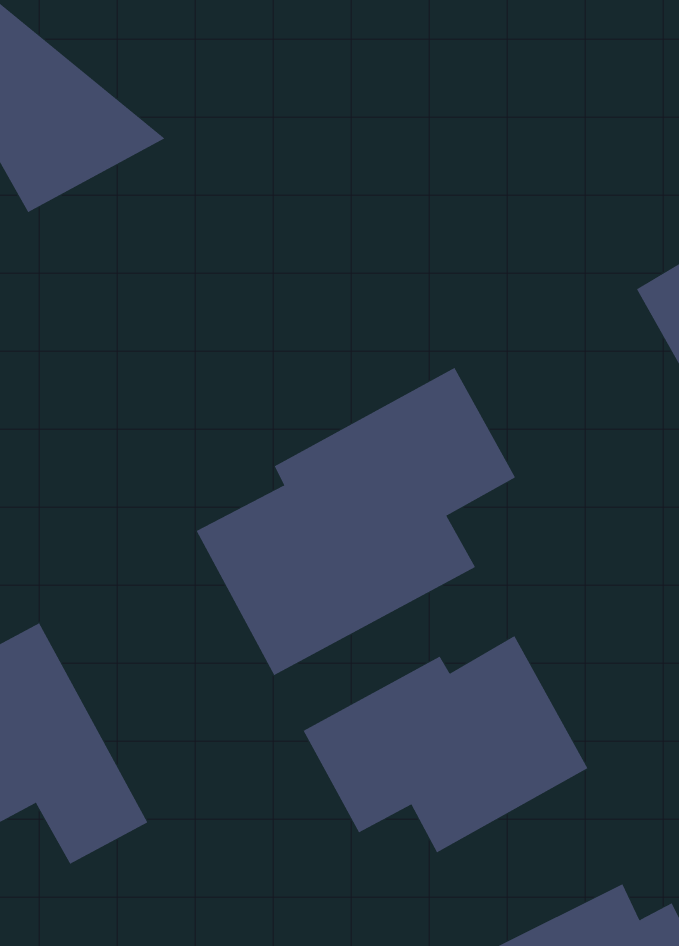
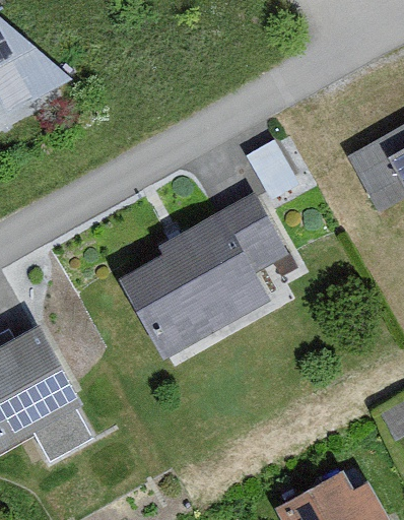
building: [303,635,588,853] -> none

